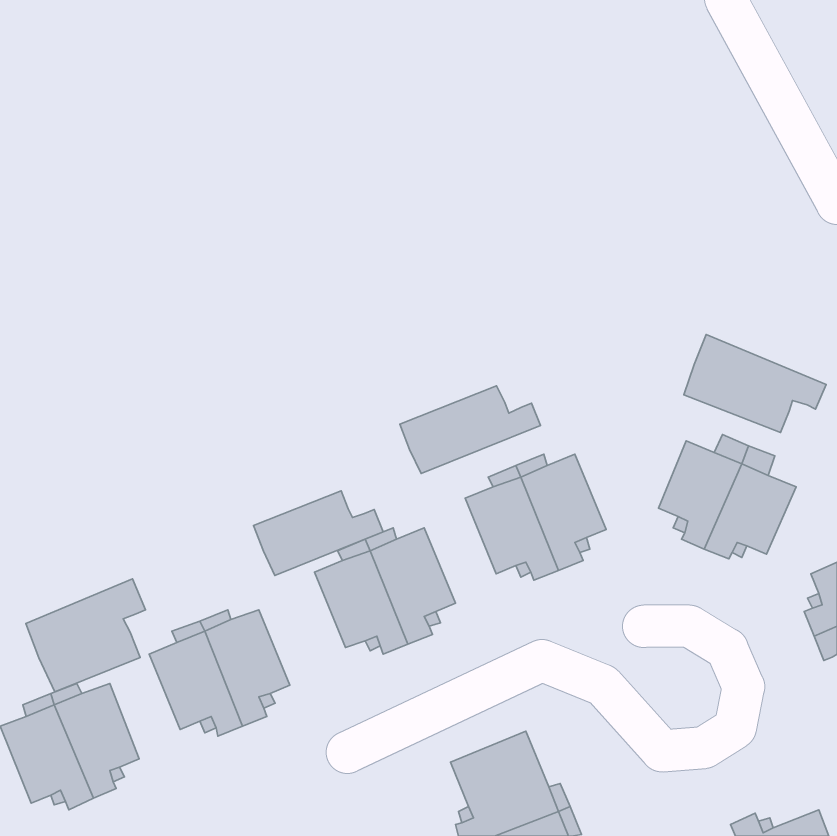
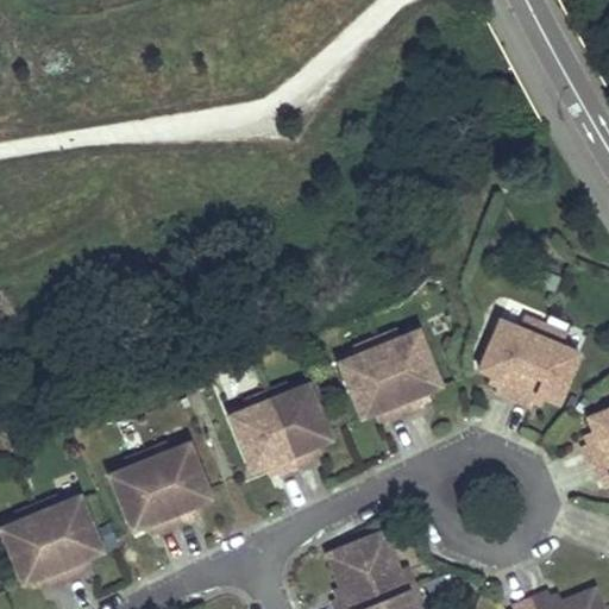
building: [684,335,826,432] -> none
building: [400,386,540,474] -> none
building: [253,491,383,576] -> none
building: [26,579,145,692] -> none

